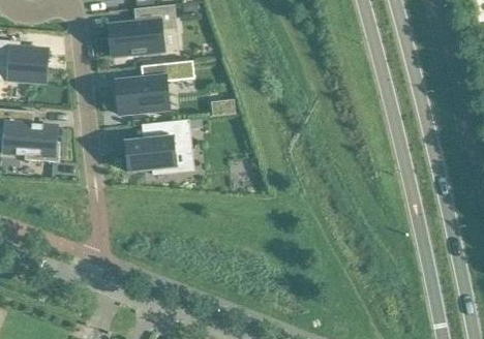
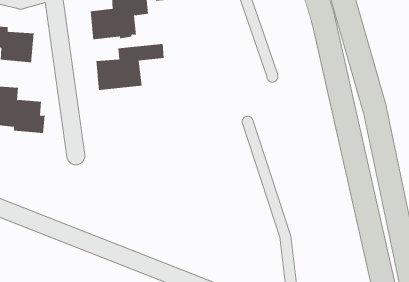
building: [125,119,190,173] -> none

